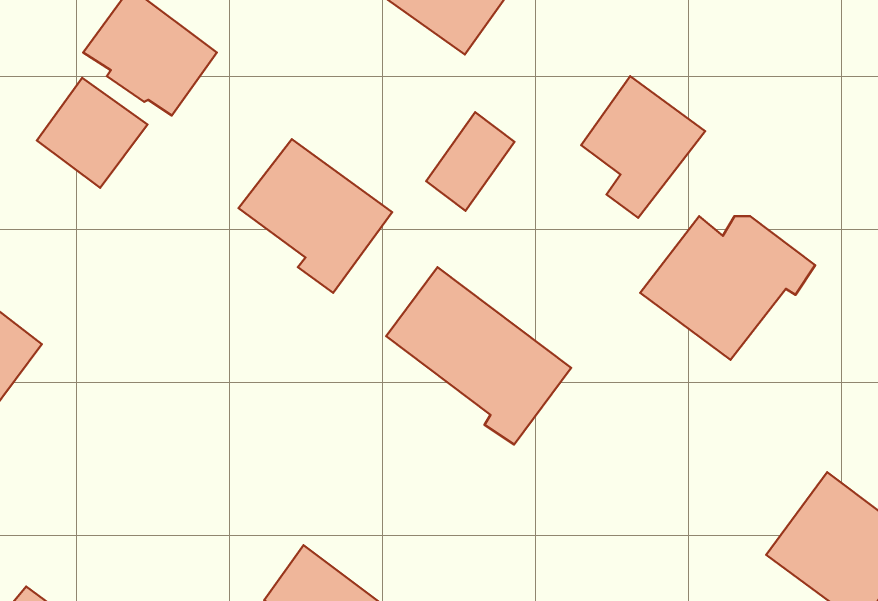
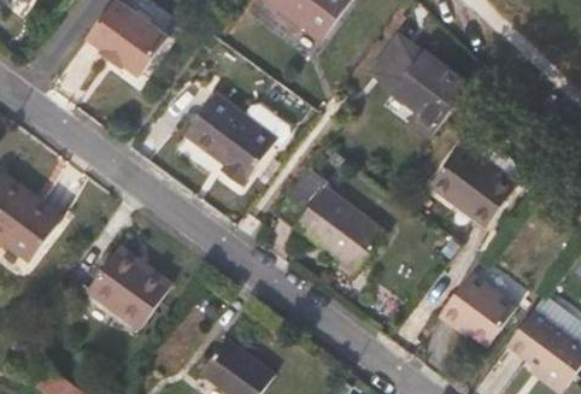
building: [37,78,147,188] -> none
building: [426,112,515,211] -> [368,35,422,95]
building: none -> [83,251,168,329]
building: none -> [436,274,511,343]

